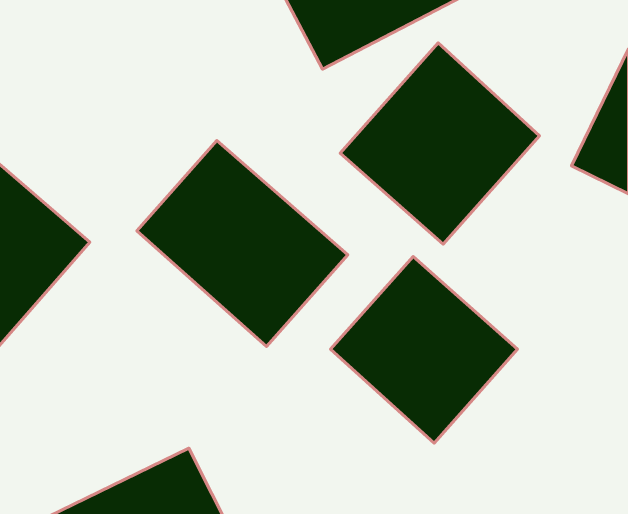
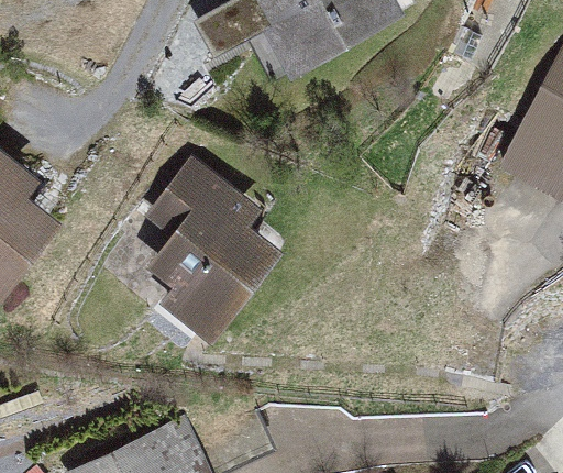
building: [340,43,540,244] -> none
building: [331,257,518,443] -> none

